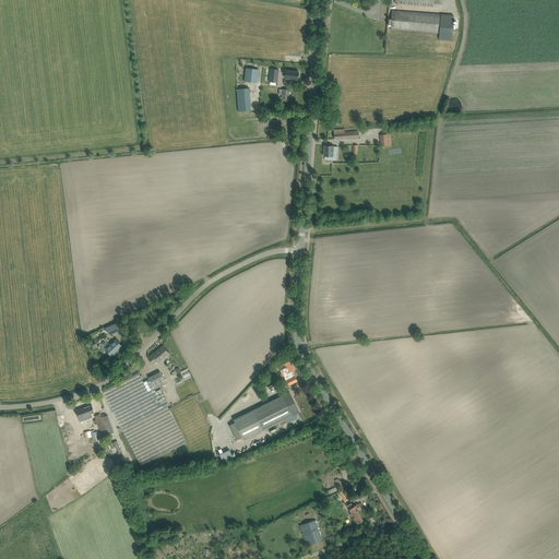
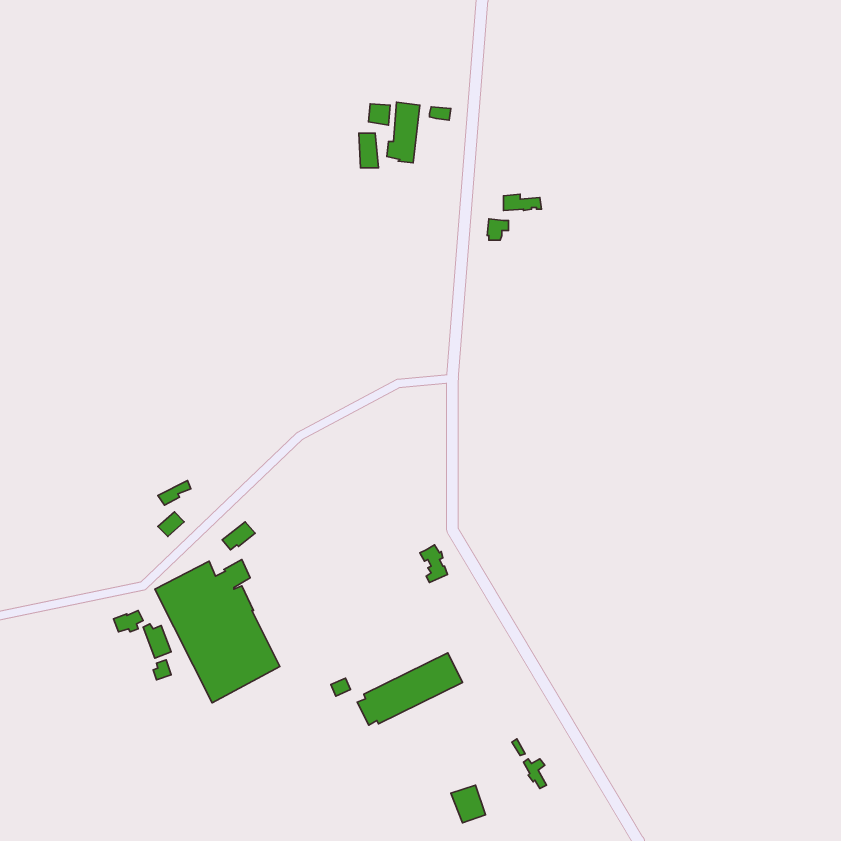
building: [391,11,453,40] -> none
building: [229,392,299,440] -> [357,653,463,725]

